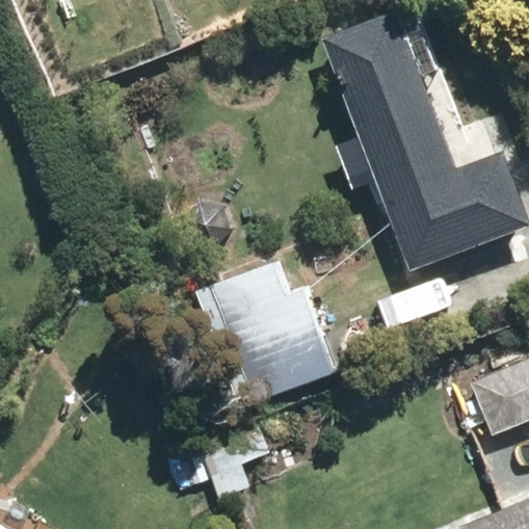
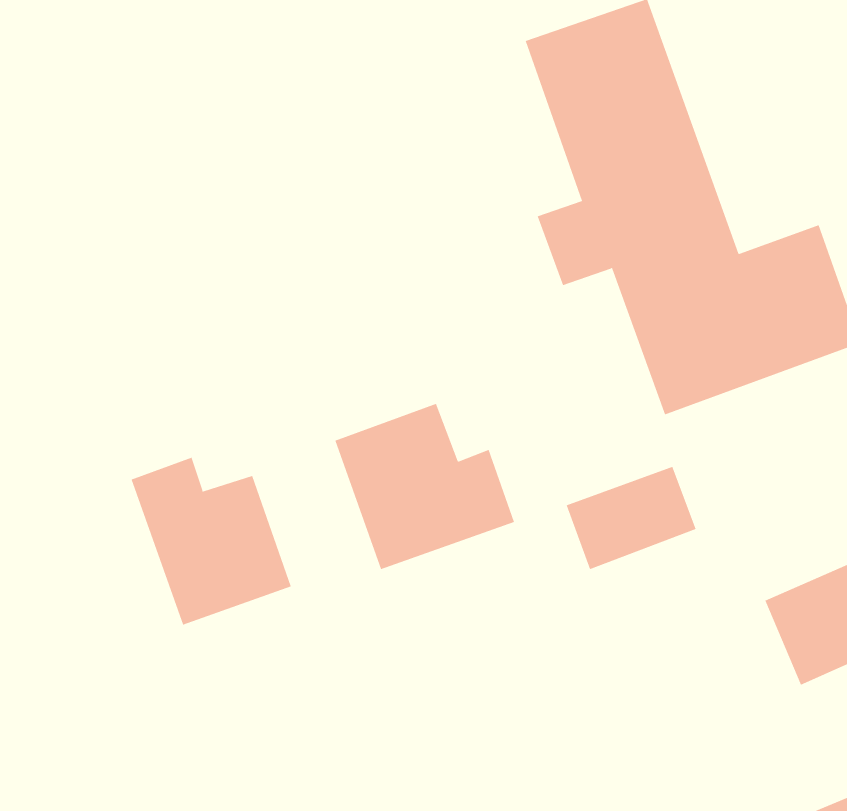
building: none -> [131,457,291,626]

